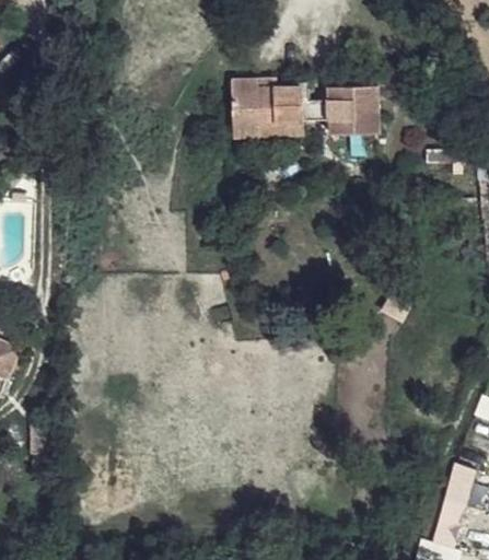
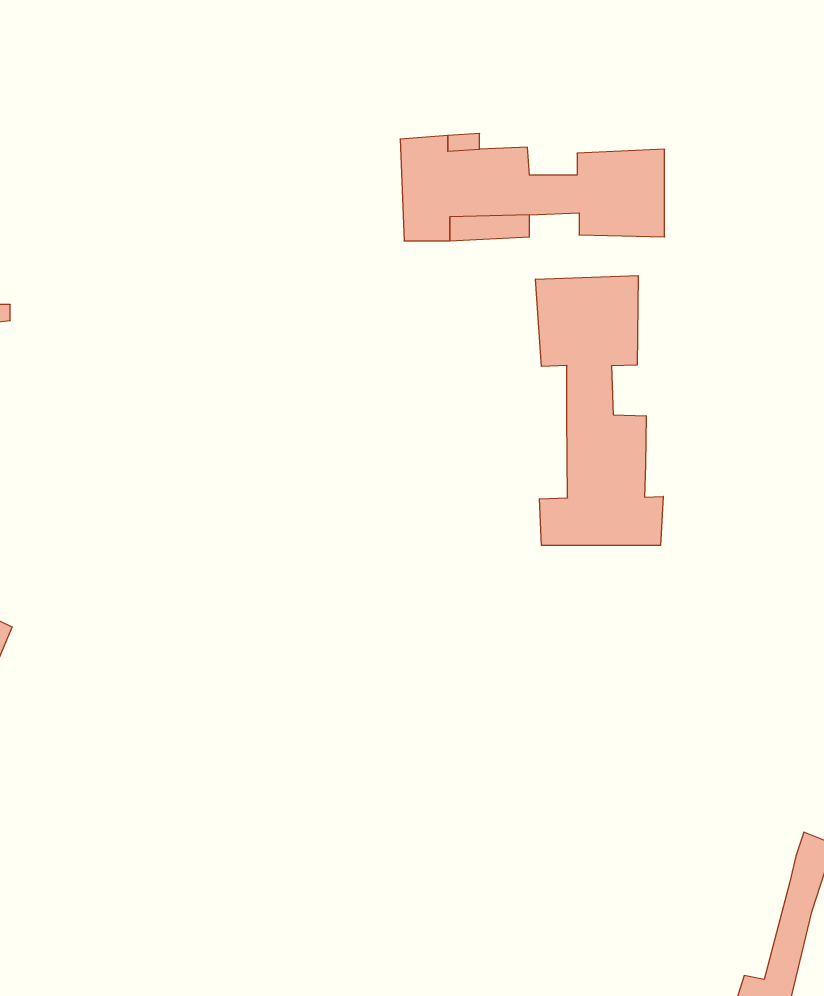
building: none -> [536,276,663,545]

